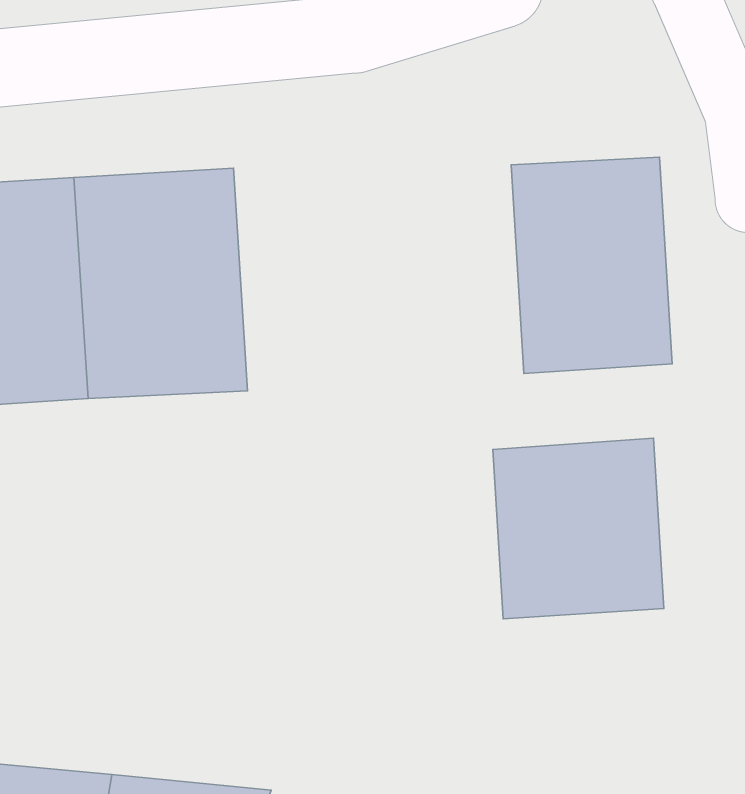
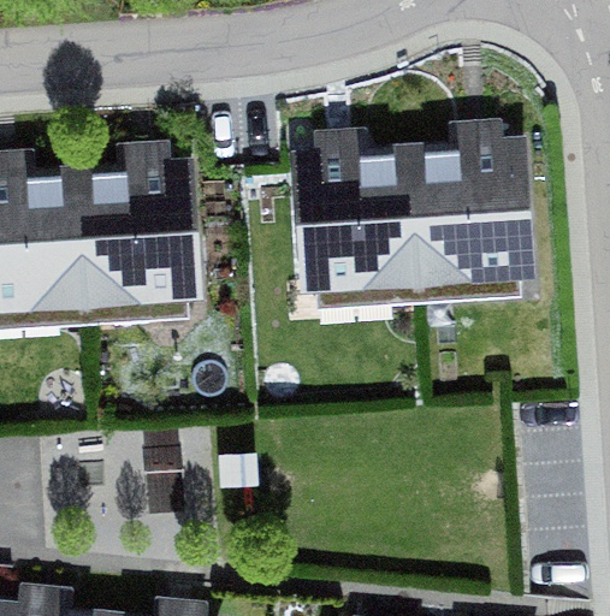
building: none -> [285,135,420,298]
building: [493,438,664,619] -> none

